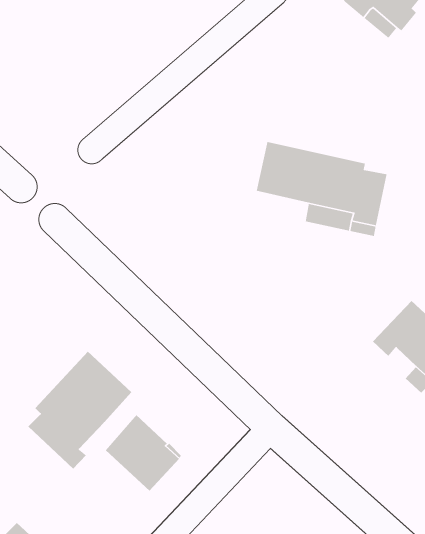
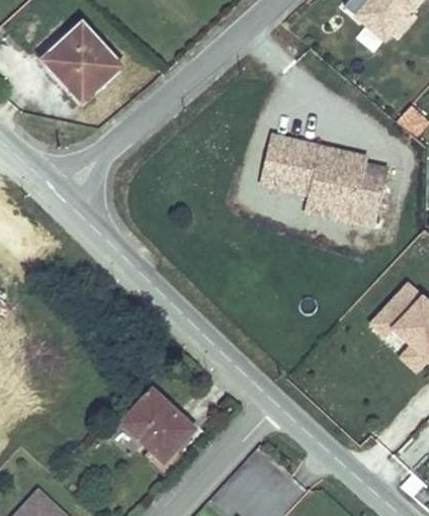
building: none -> [40,22,121,103]
building: [27,351,132,470] -> none

